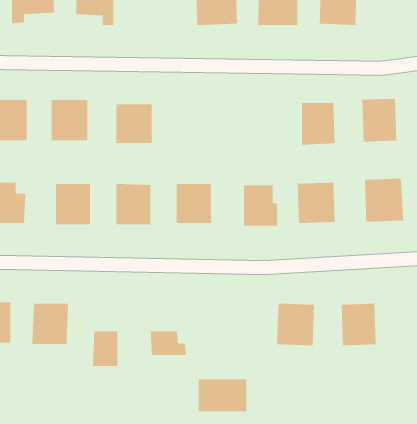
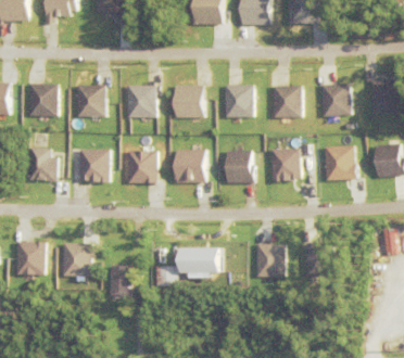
building: none -> [225,86,253,118]
building: none -> [175,87,203,118]
building: [198,379,247,412] -> [180,250,219,276]

